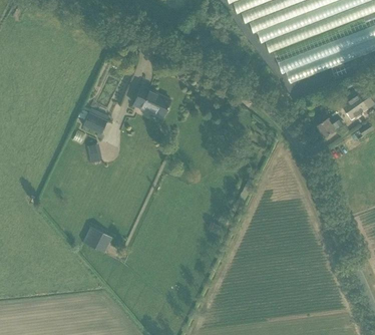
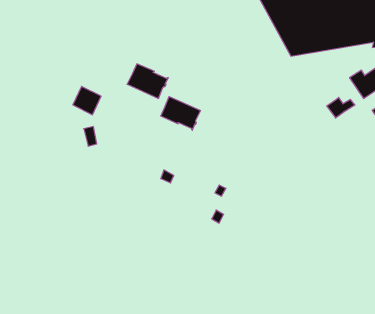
building: none -> [161,97,200,130]
building: [84,228,114,254] -> none

